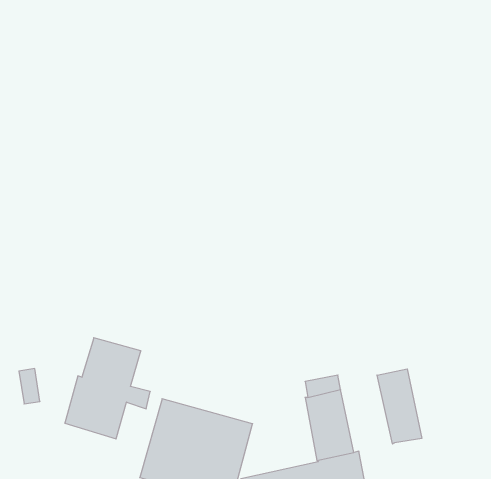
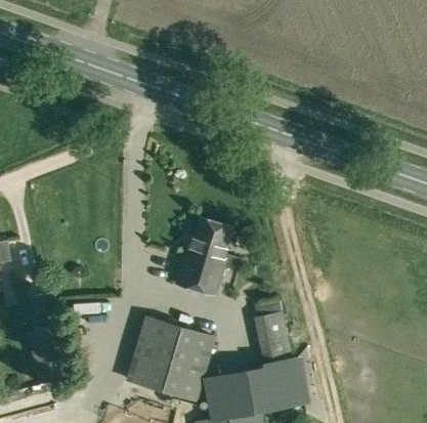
building: [65,338,150,439] -> [176,216,243,295]
building: [377,369,422,444] -> none

